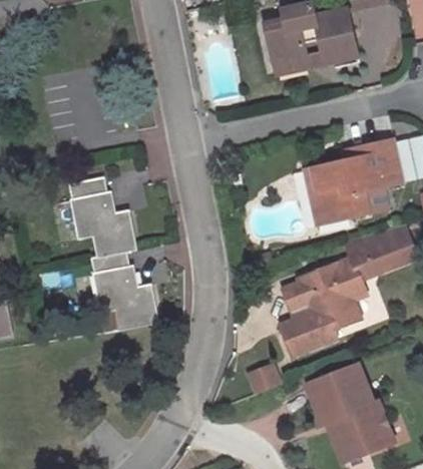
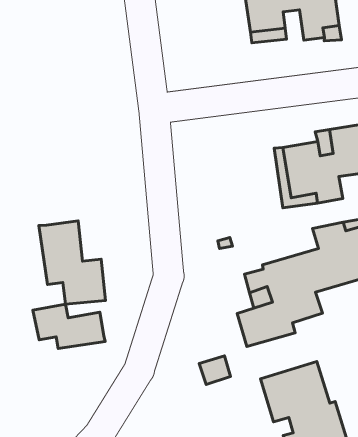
building: [68,176,136,256] -> none
building: none -> [33,304,105,348]

